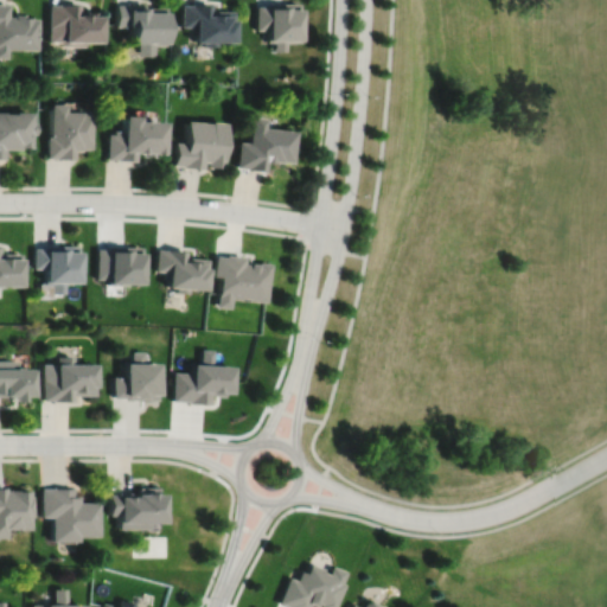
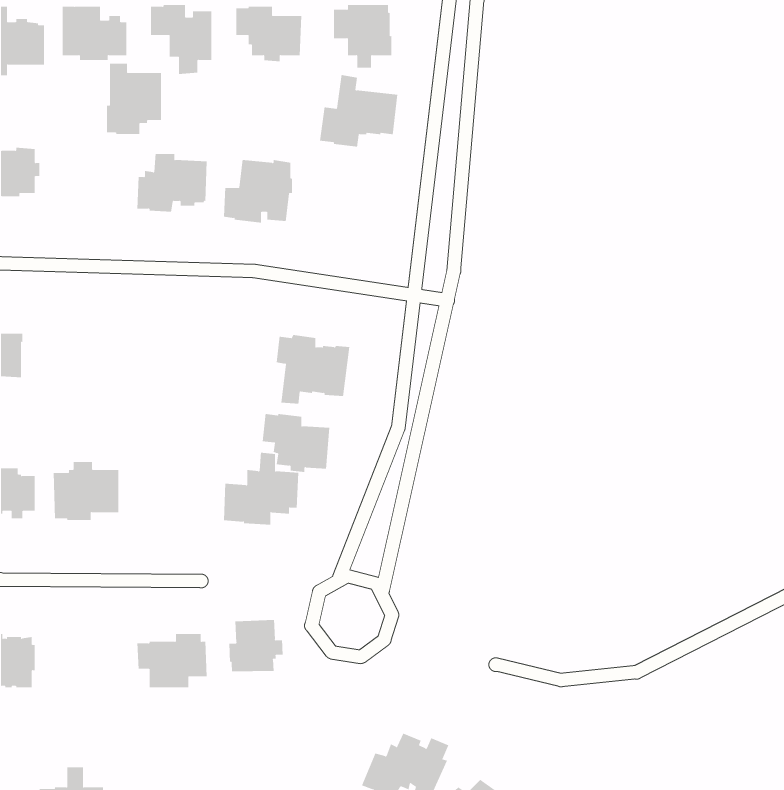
building: [51,107,94,161] -> [106,63,162,134]
building: [239,119,300,174] -> [319,74,398,147]
building: [38,248,81,296] -> none
building: [101,249,143,288] -> none
building: [159,251,211,296] -> [262,413,330,472]
building: [117,350,160,400] -> none
building: none -> [229,619,283,672]
building: [43,486,100,539] -> none

